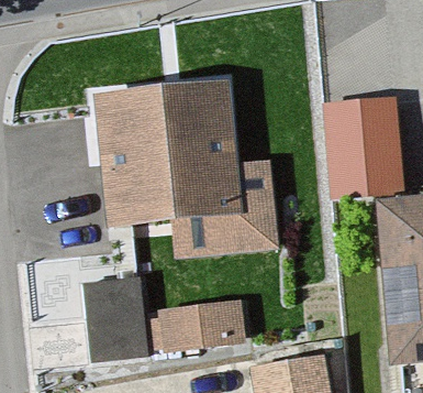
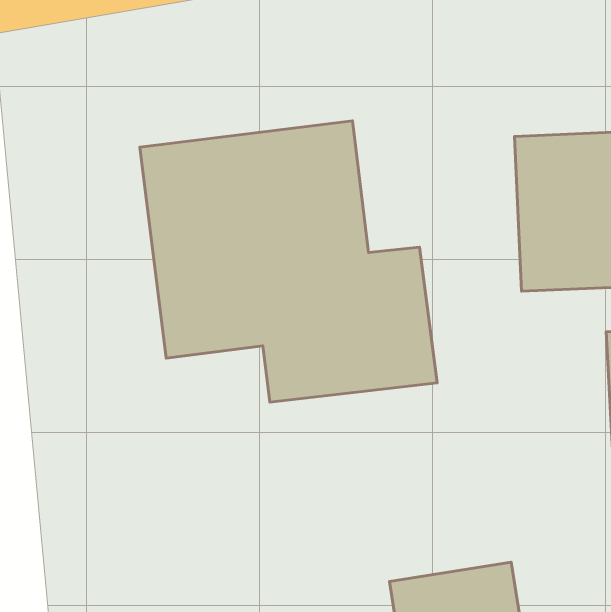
building: [77,280,144,362] -> none
building: [158,286,249,350] -> none

